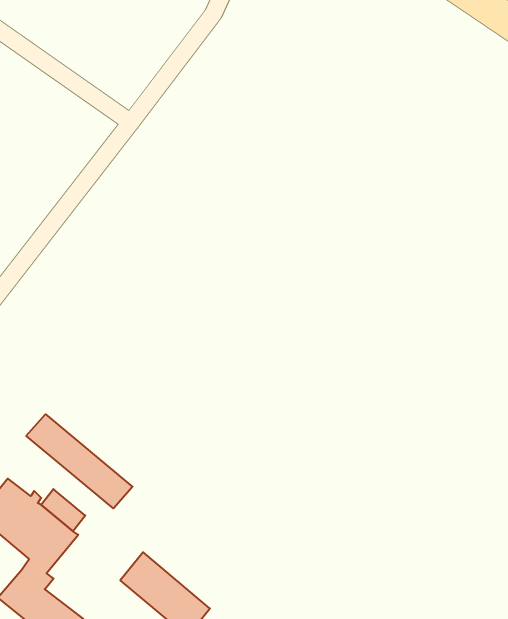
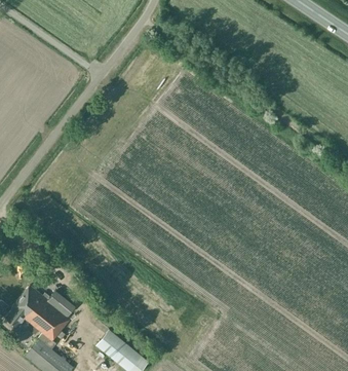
building: [26,414,133,508] -> none

